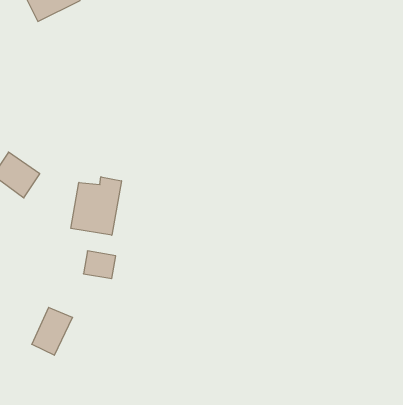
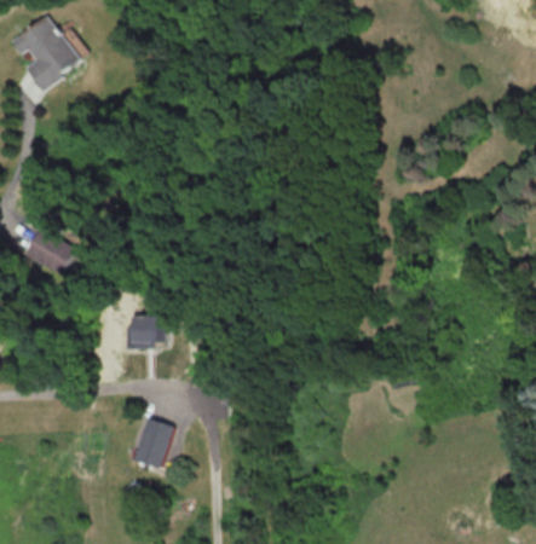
building: [71,177,121,235] -> none
building: [32,307,73,355] -> [134,419,172,468]

